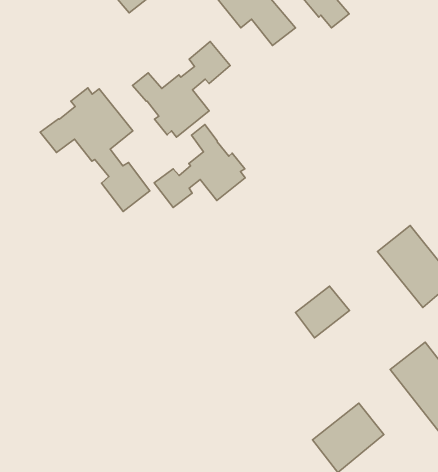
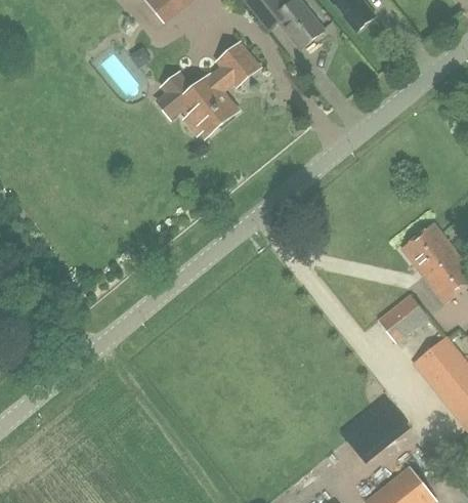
building: [40,88,150,211] -> none
building: [154,124,245,207] -> none
building: [296,286,349,338] -> [376,293,428,343]

